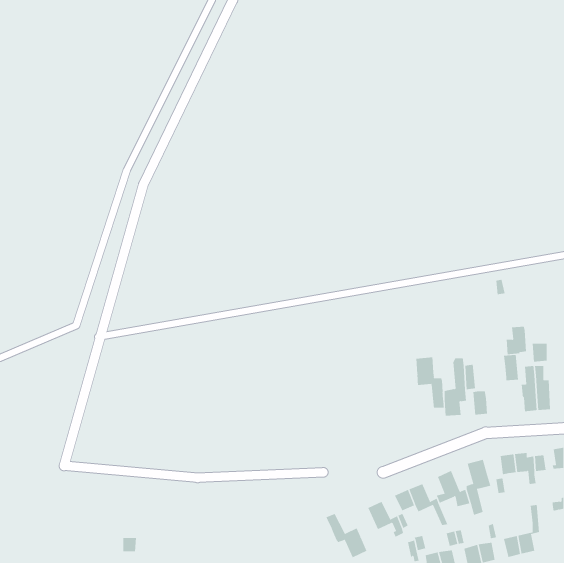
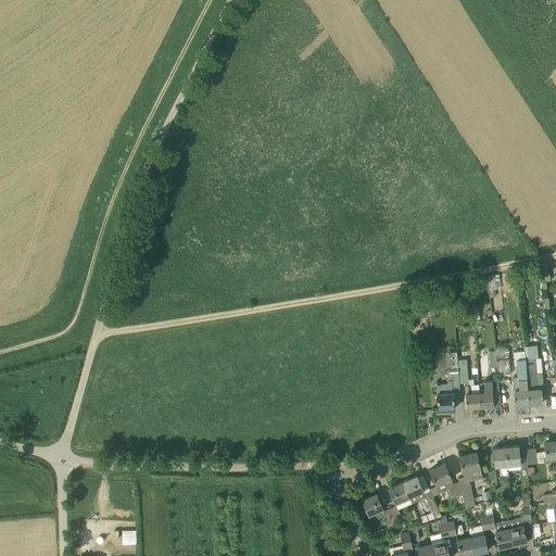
building: [506,326,527,355] -> [479,380,500,408]
building: [416,357,444,409] -> none
building: [326,513,367,558] -> none

